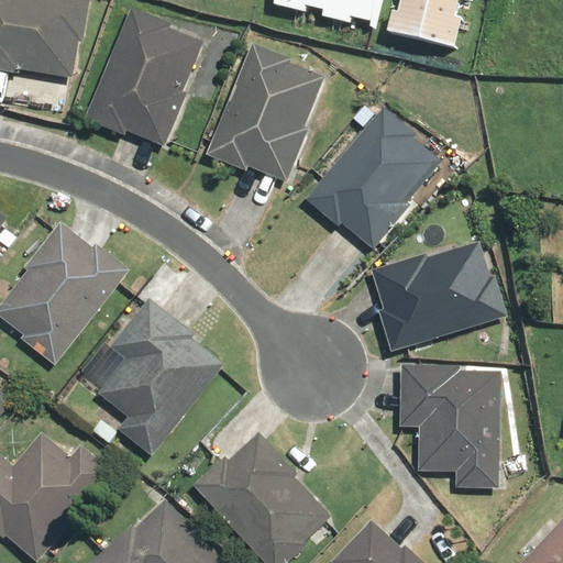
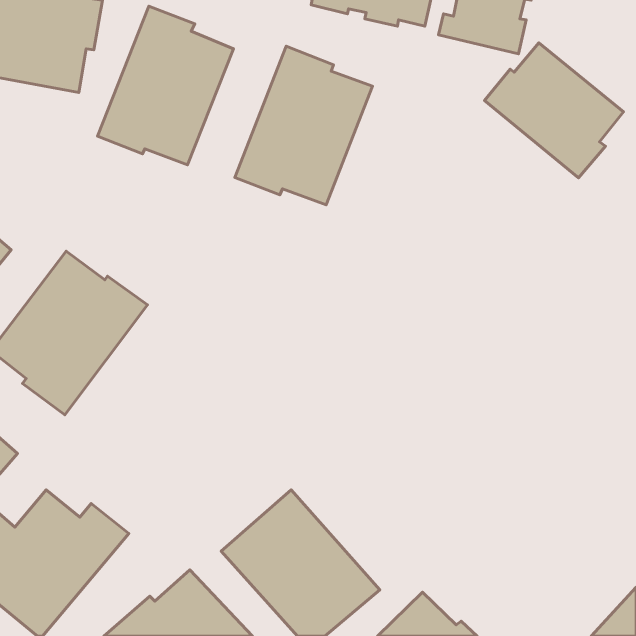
building: none -> [484,43,623,178]
building: [306,107,442,246] -> none
building: [371,240,507,352] -> none
building: [99,297,224,455] -> none
building: [399,363,499,486] -> none

